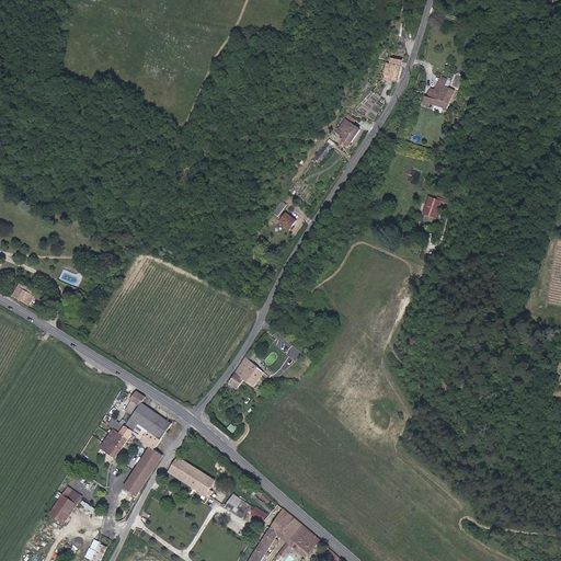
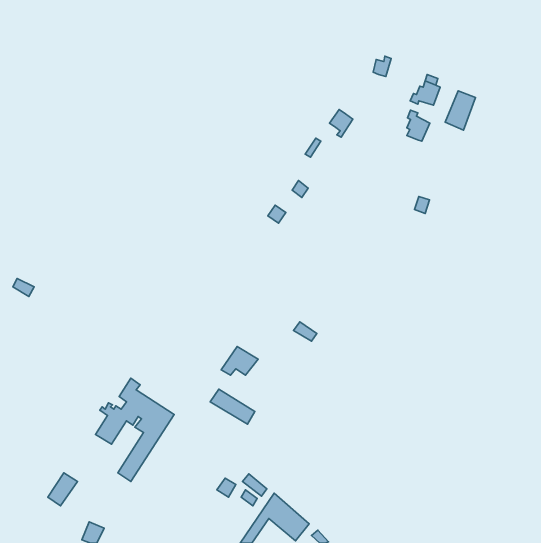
building: none -> [445,91,476,130]
building: none -> [407,110,430,141]
building: [165,458,211,494] -> [210,389,255,424]

